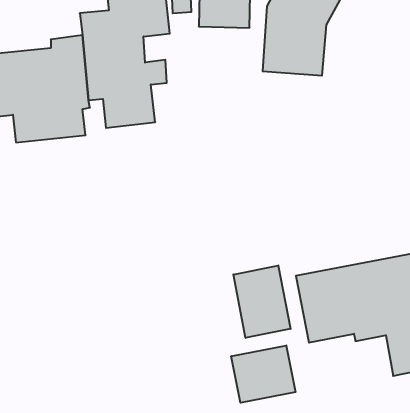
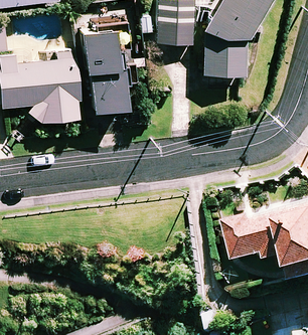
building: [233,265,291,338] -> none
building: [231,345,296,403] -> none

